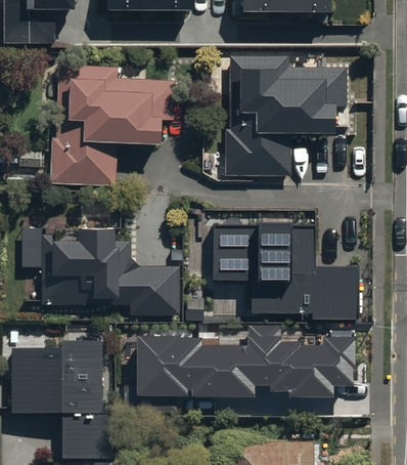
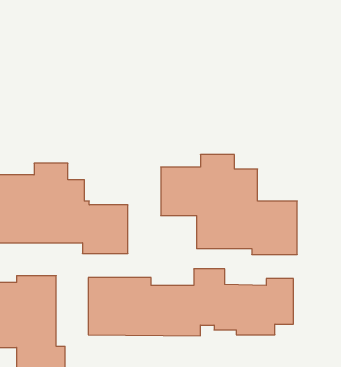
building: [224,54,349,174] -> none
building: [49,61,175,181] -> none

